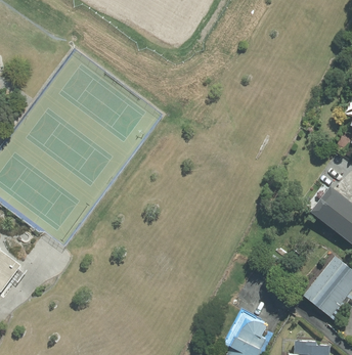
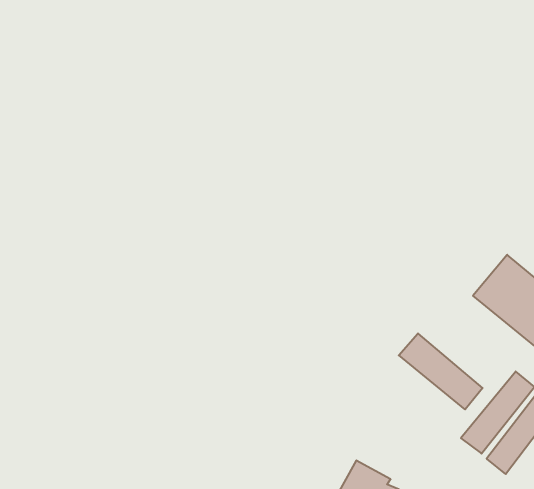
building: none -> [399,333,483,409]

